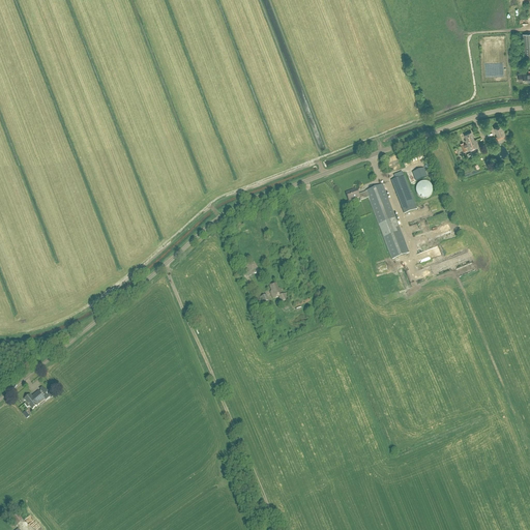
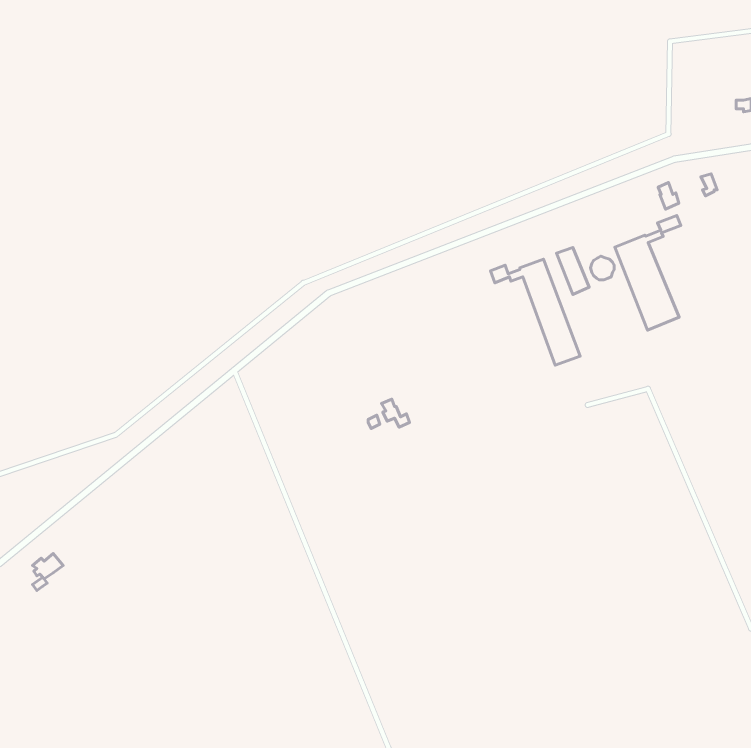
building: none -> [615,216,681,330]

